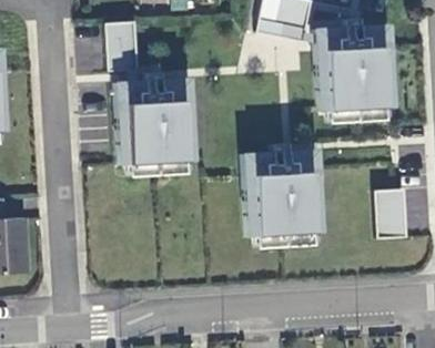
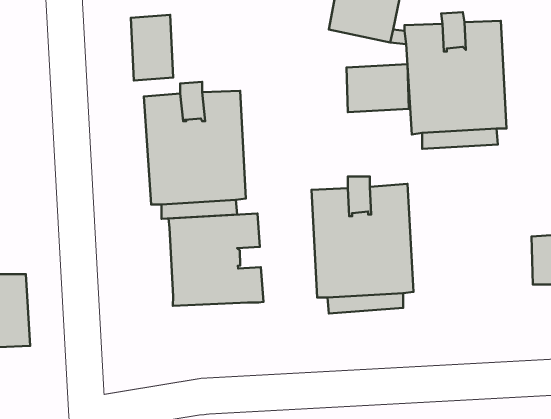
building: none -> [347,64,409,112]
building: none -> [169,213,263,306]
building: [373,187,406,237] -> none

